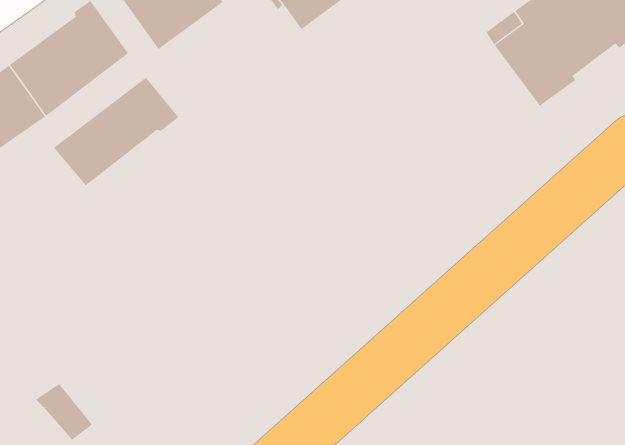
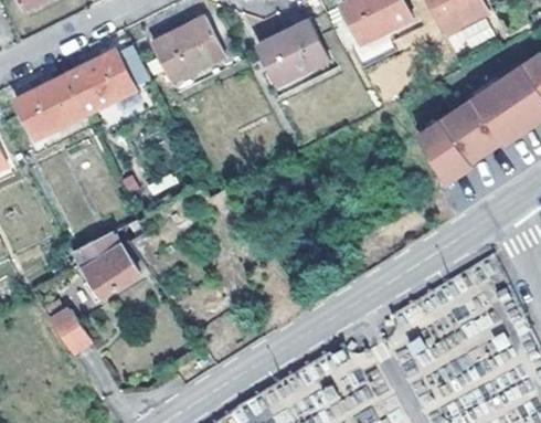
building: [53,77,179,186] -> none
building: none -> [73,234,138,311]

